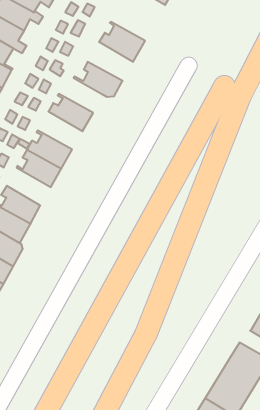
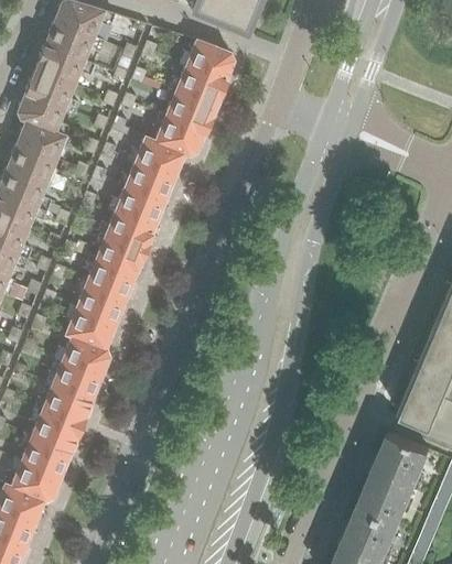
building: none -> [180,40,233,79]
building: none -> [158,88,214,132]
building: none -> [128,137,182,176]
building: none -> [108,182,163,225]
building: none -> [79,256,133,299]

